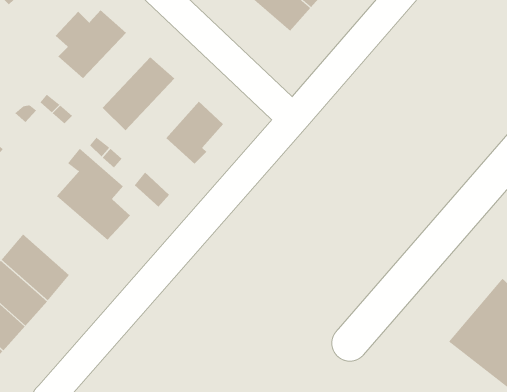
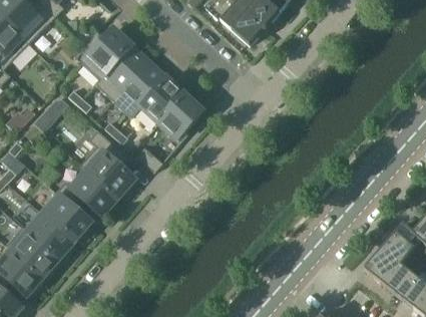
building: none -> [95,45,148,99]
building: none -> [130,78,183,121]
building: none -> [56,164,117,215]

